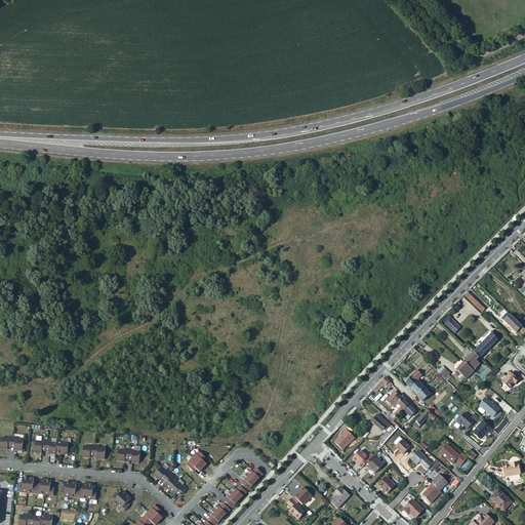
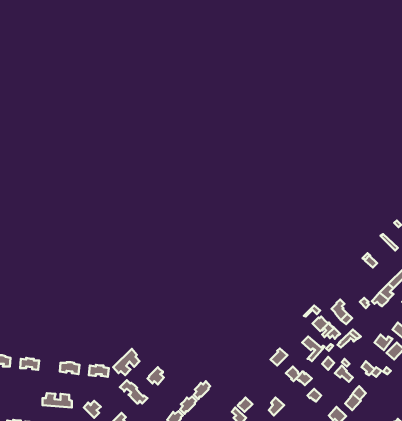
building: none -> [113,349,139,375]
building: [17,477,53,495] -> none

